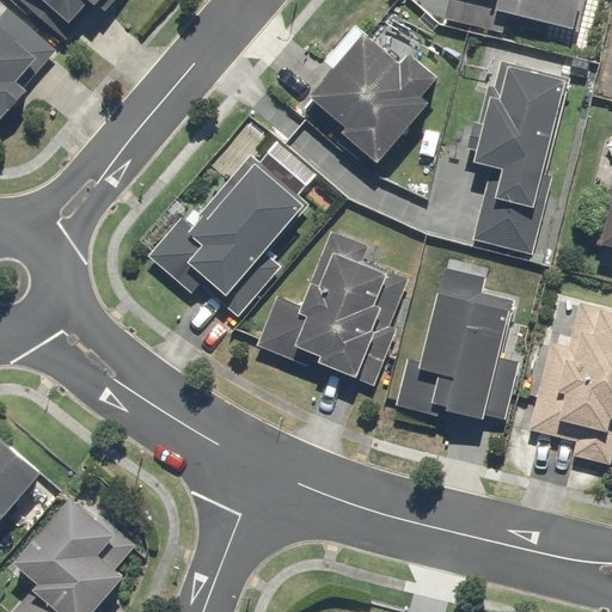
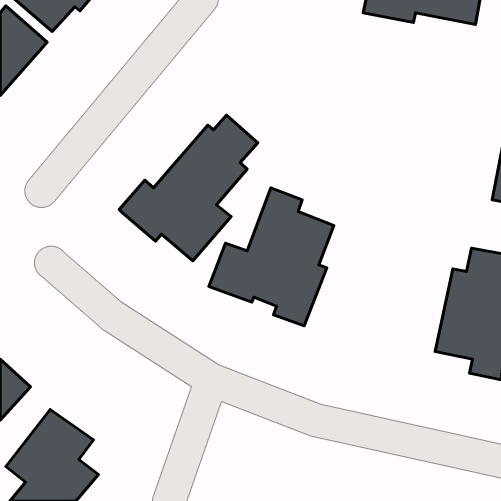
building: [300,30,440,166] -> none
building: [475,63,573,252] -> none
building: [396,258,516,426] -> none

